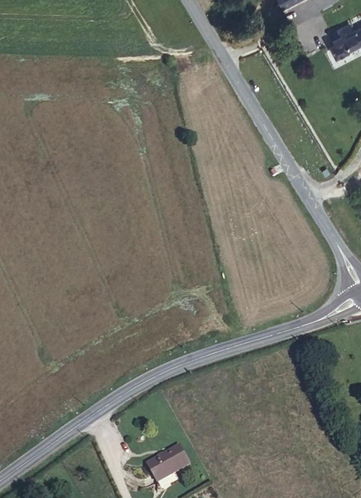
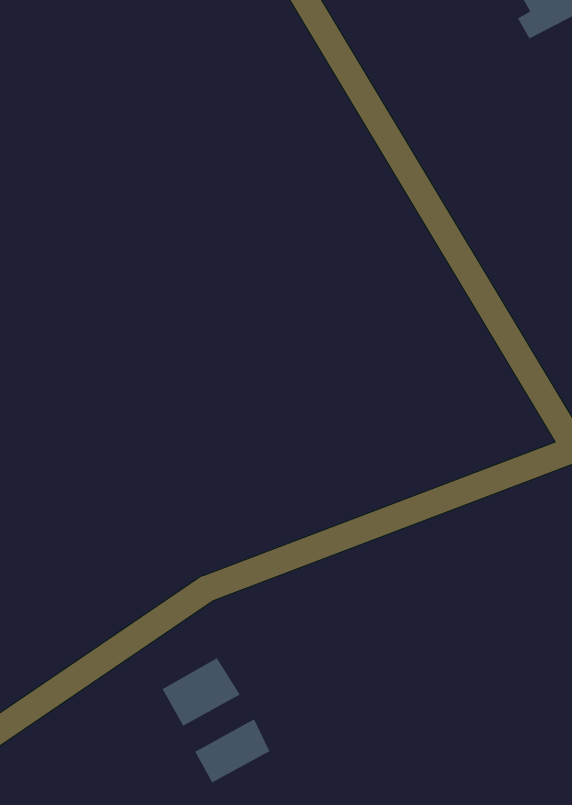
building: none -> [162,657,241,727]

